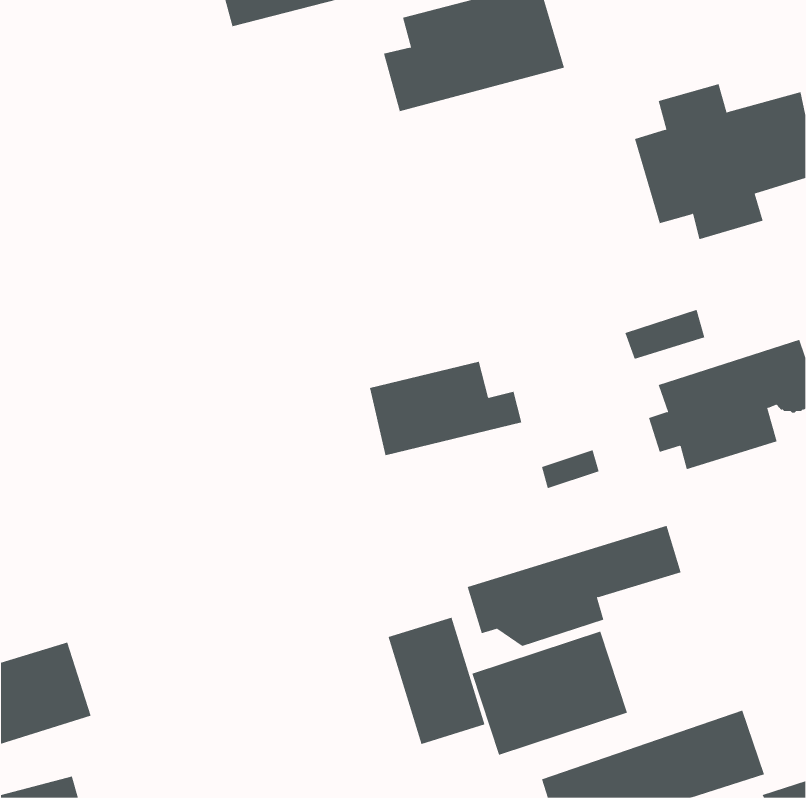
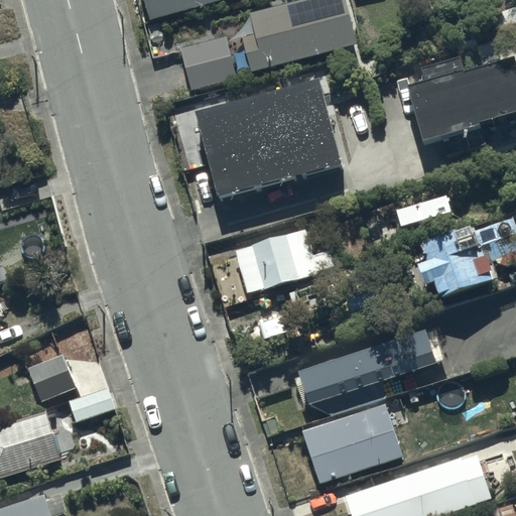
building: none -> [182,37,238,91]
building: none -> [194,80,340,198]
building: none -> [26,354,117,420]
building: [388,617,485,745] -> none

